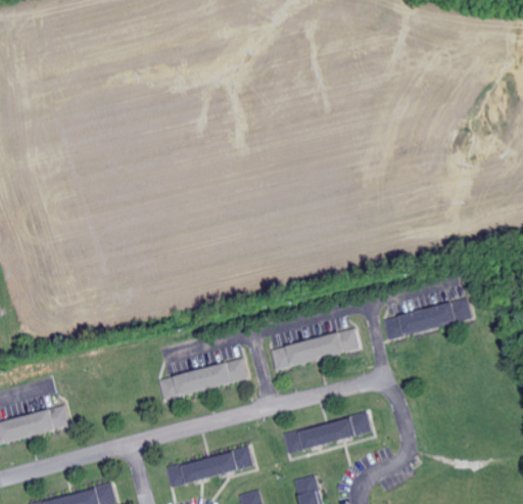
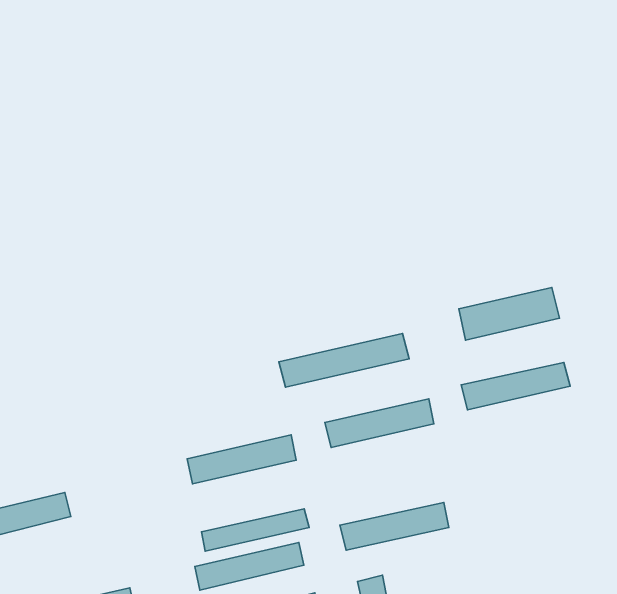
building: none -> [459,288,560,340]
building: none -> [279,334,409,387]
building: none -> [201,509,309,551]

